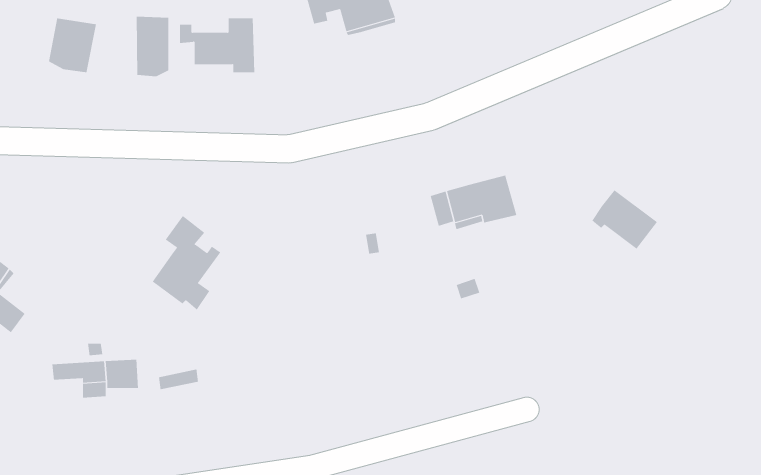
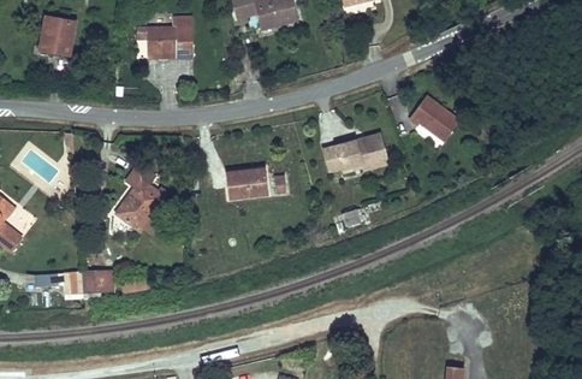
building: [136,16,169,77] -> none
building: [592,190,658,250] -> [410,95,459,140]
building: none -> [227,167,267,197]

